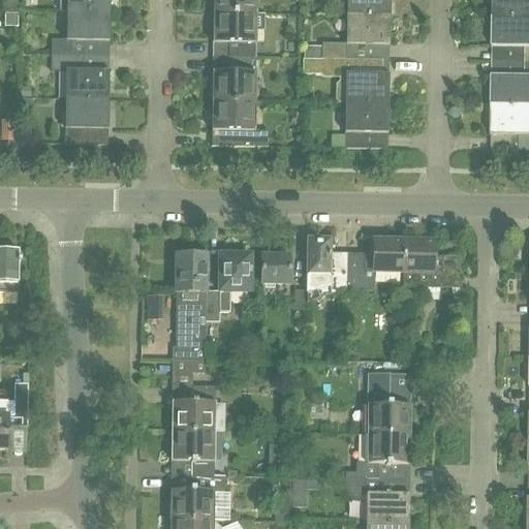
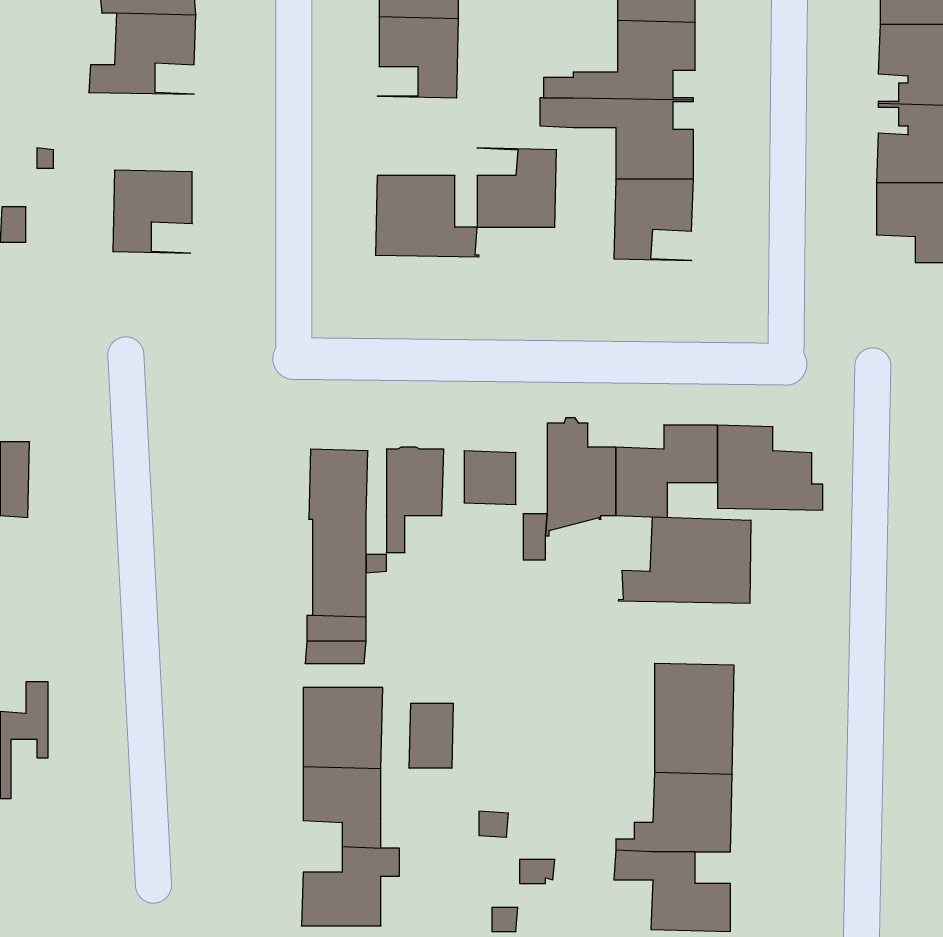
building: [51,52,110,96] -> none
building: [212,54,256,98] -> [477,148,557,227]
building: none -> [619,517,751,603]
building: none -> [409,703,453,768]

